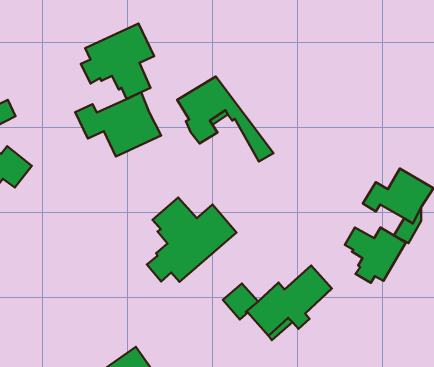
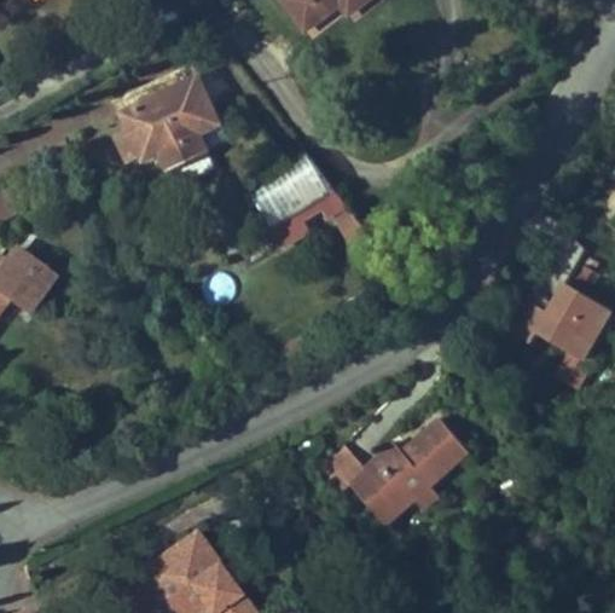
building: [75,92,161,157] -> none
building: [147,197,237,282] -> none
building: [345,227,406,283] -> none

